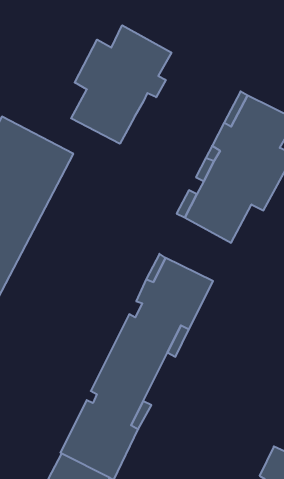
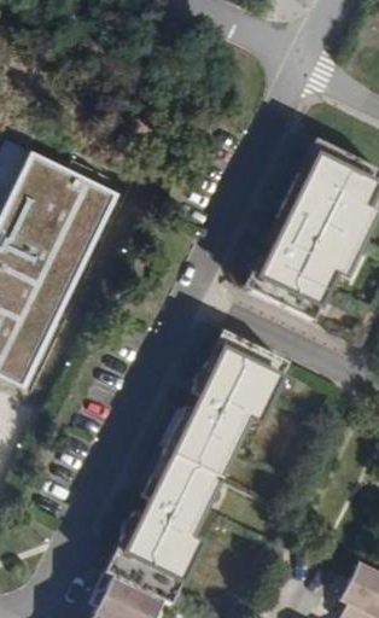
building: [71,25,171,144] -> none

